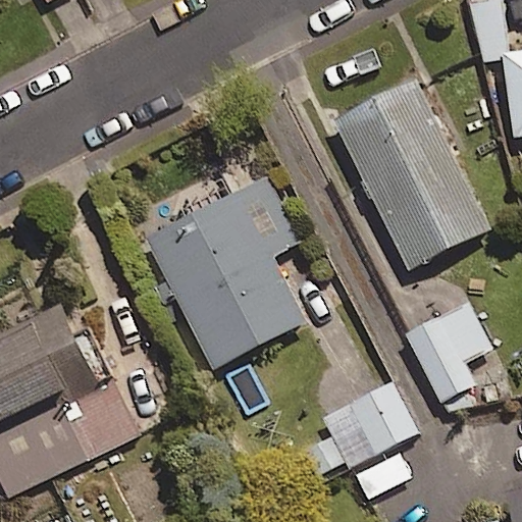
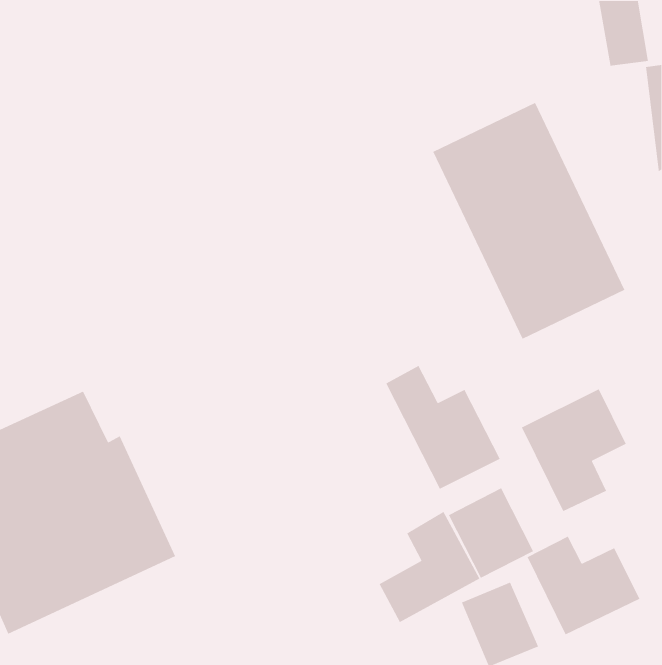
building: [145,176,303,368] -> none
building: none -> [385,365,501,490]
building: none -> [527,535,640,635]

